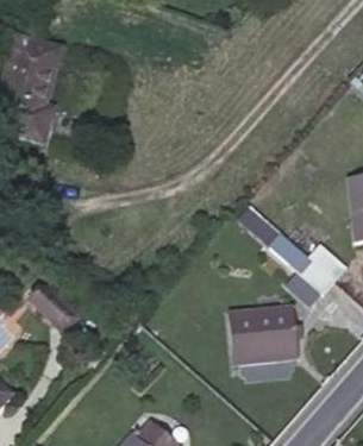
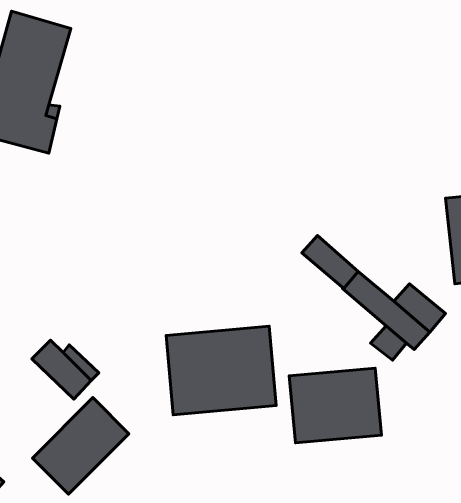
building: none -> [166,326,276,415]
building: none -> [32,398,129,494]

